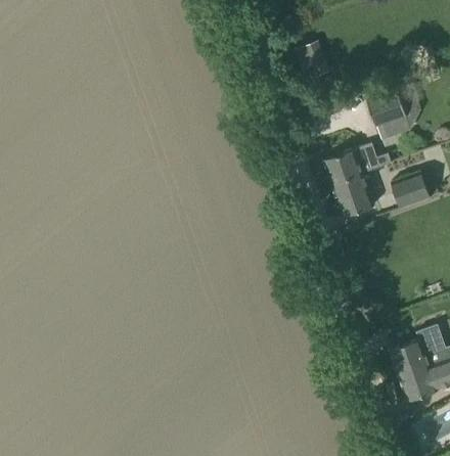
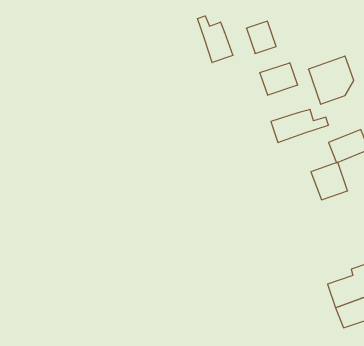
building: none -> [197,16,233,63]
building: none -> [260,63,298,95]
building: [331,173,374,217] -> [311,162,348,200]

